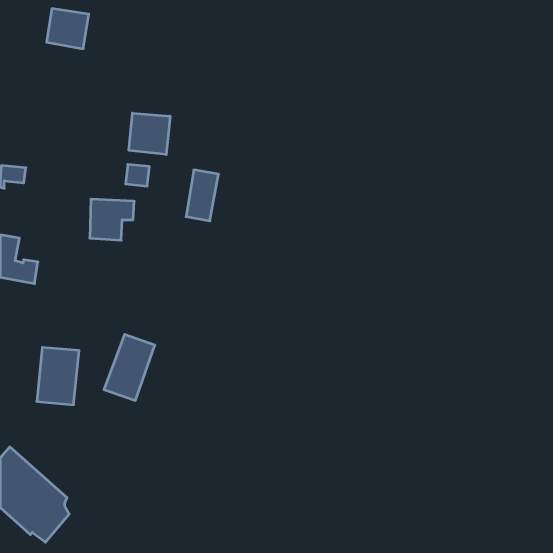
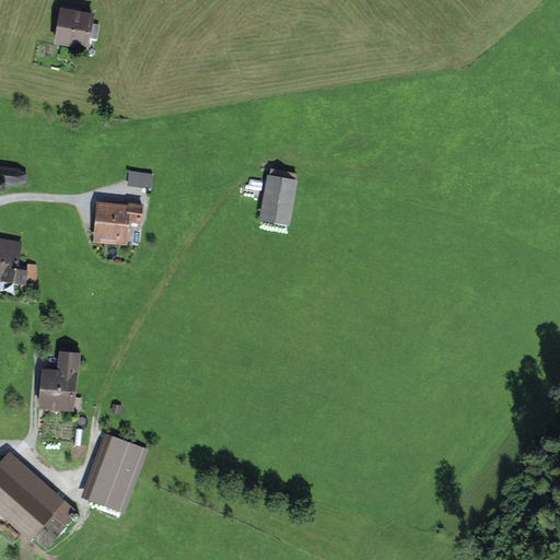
building: [129,113,170,155] -> none
building: [186,170,219,221] -> [262,171,295,222]
building: [104,334,155,400] -> [90,440,141,506]

